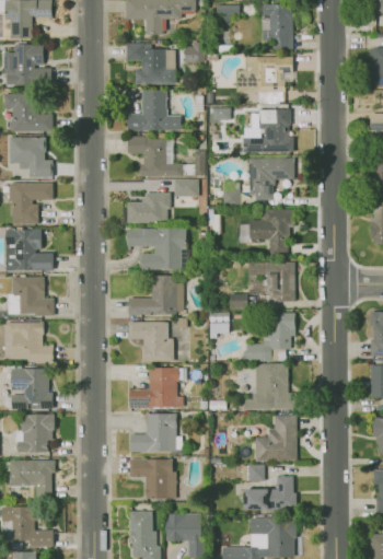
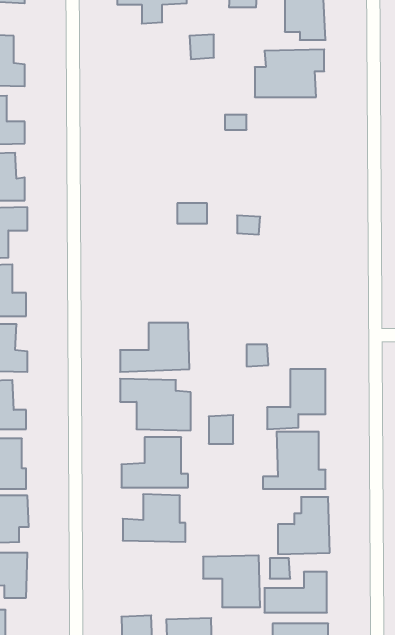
building: [126,43,175,84] -> none
building: [127,90,181,131] -> none
building: [242,109,293,153] -> none
building: [127,137,182,176] -> none
building: [248,158,294,199] -> none
building: [127,193,169,222] -> none
building: [236,210,290,254] -> none
building: [127,226,187,270] -> none
building: [248,263,294,302] -> none
building: [209,312,229,335] -> [209,415,233,444]
building: [129,458,175,500] -> [203,555,260,607]

